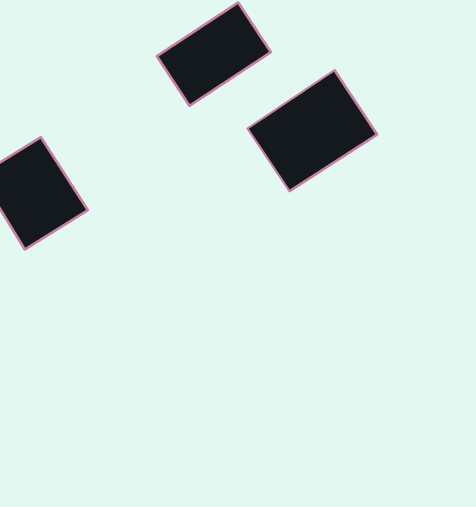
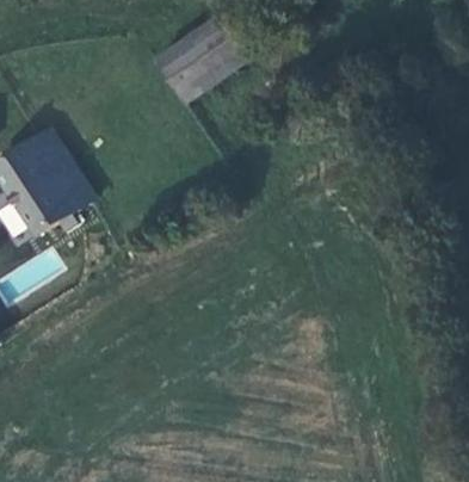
building: [247,70,377,191] -> none

